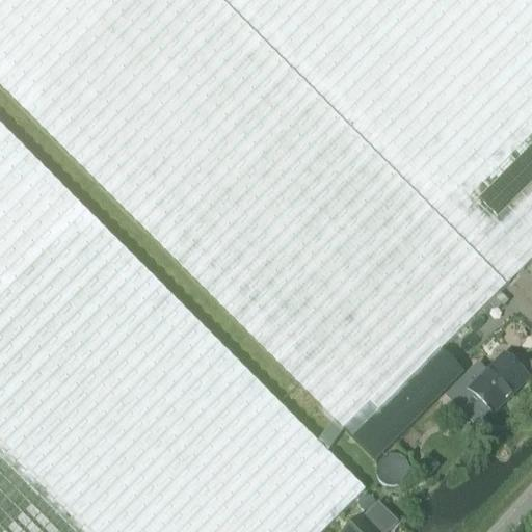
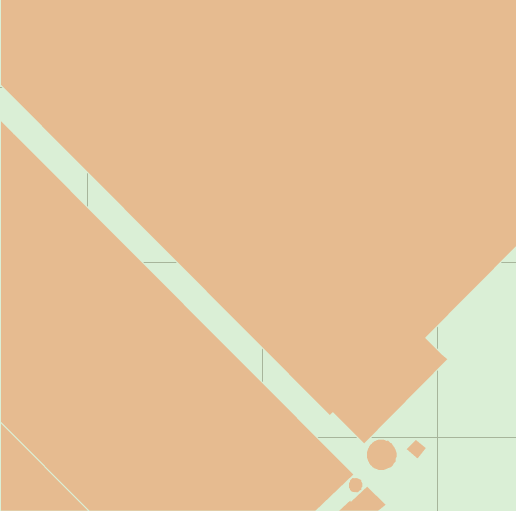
building: [445,352,525,423] -> none

